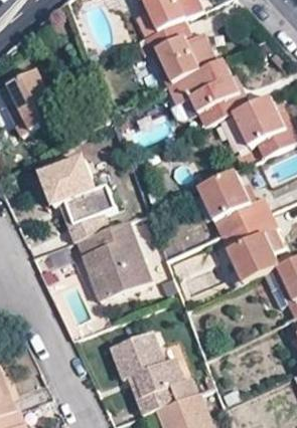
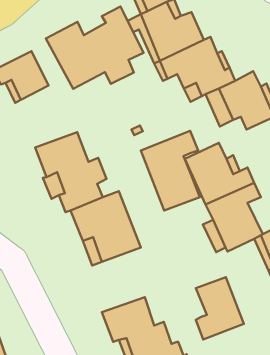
building: none -> [46,7,143,89]
building: none -> [141,131,200,211]
building: none -> [196,277,244,339]

